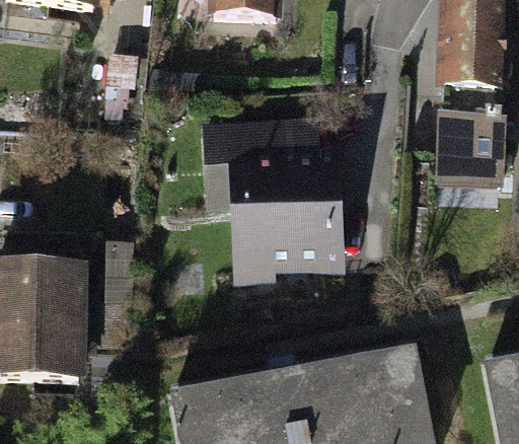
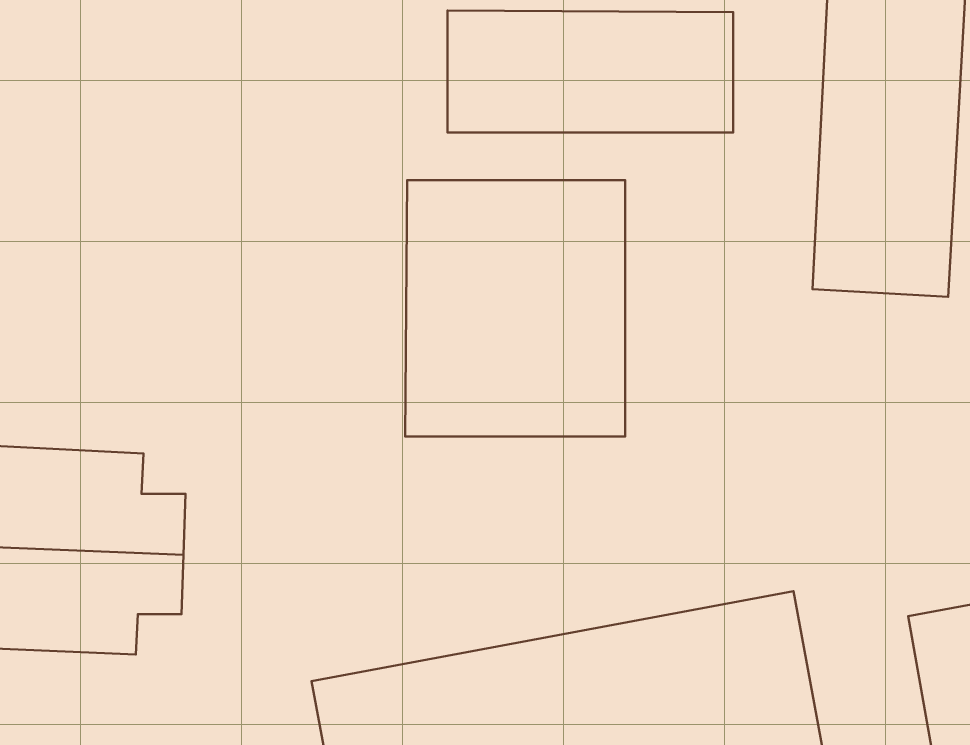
building: none -> [448,11,733,133]

